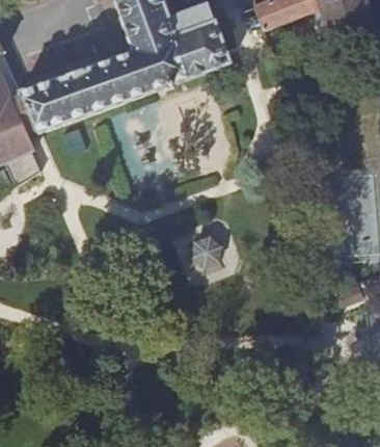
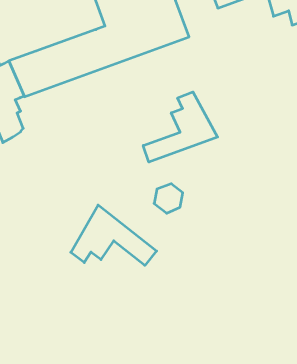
building: none -> [143,92,218,162]
building: none -> [71,205,157,265]

